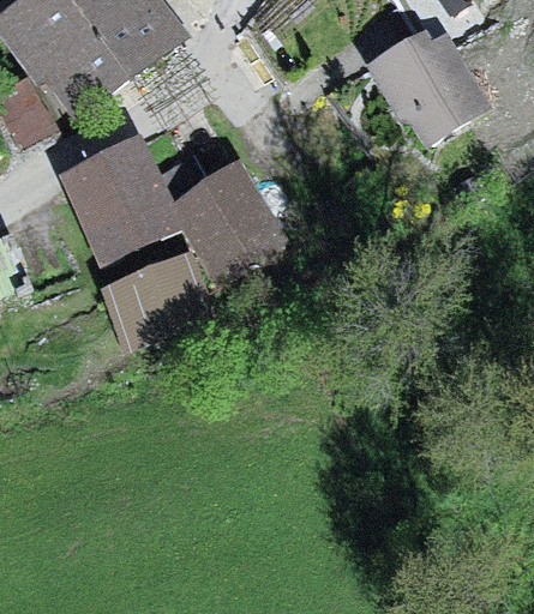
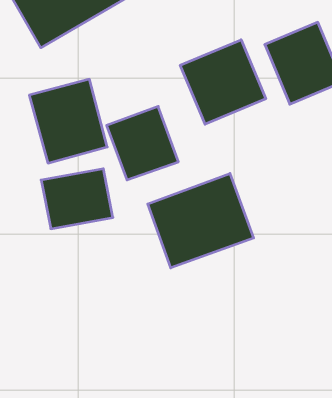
building: none -> [180,40,266,124]
building: none -> [148,173,254,268]

